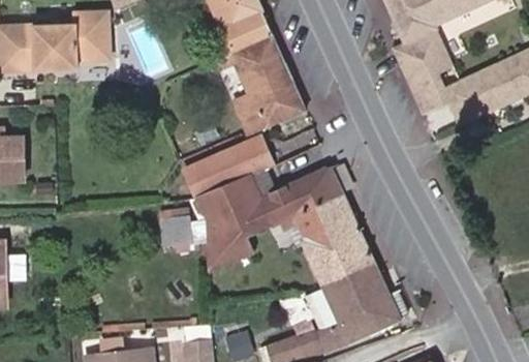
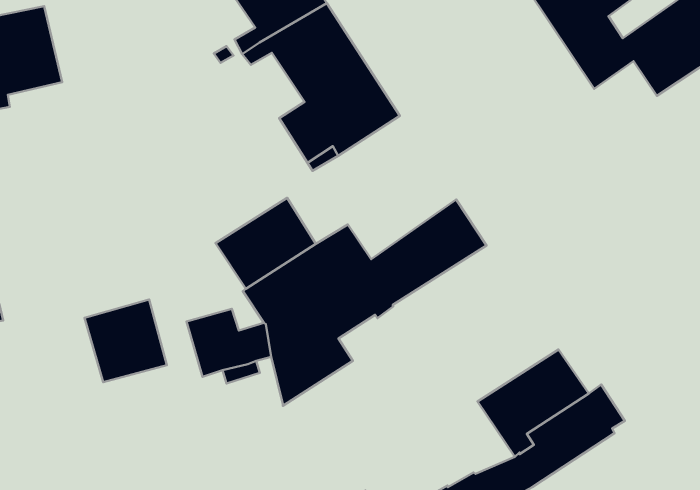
building: [230,137,273,179] -> none
building: none -> [85,299,167,382]
building: [282,197,375,288] -> none

